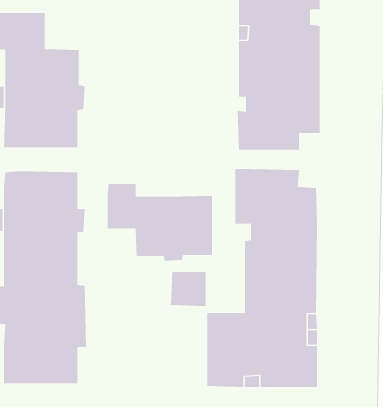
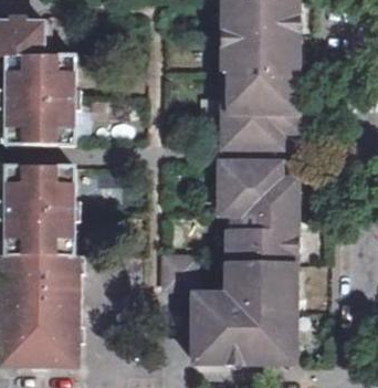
building: [107,183,212,262] -> none

